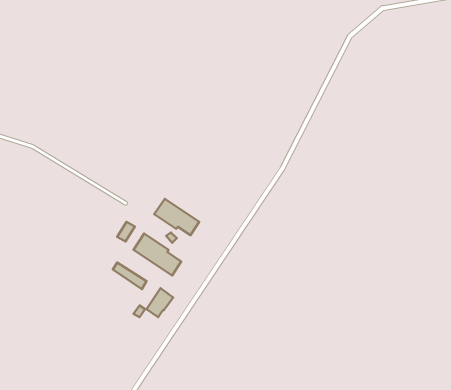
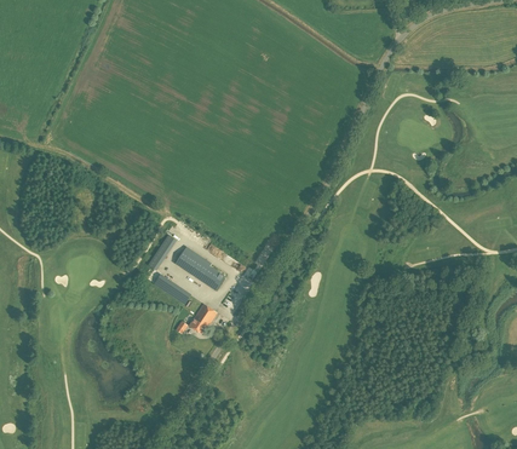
building: [154,199,199,235] -> none

